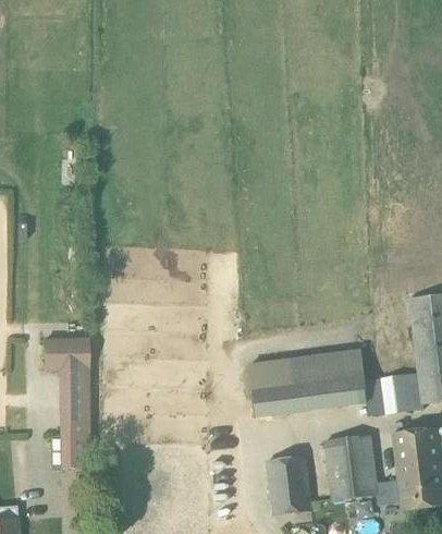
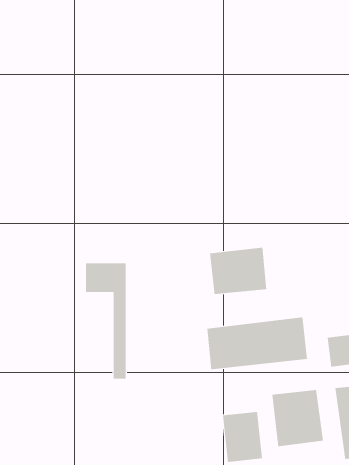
building: none -> [209,247,267,295]
building: [42,339,88,468] -> [85,263,126,379]

